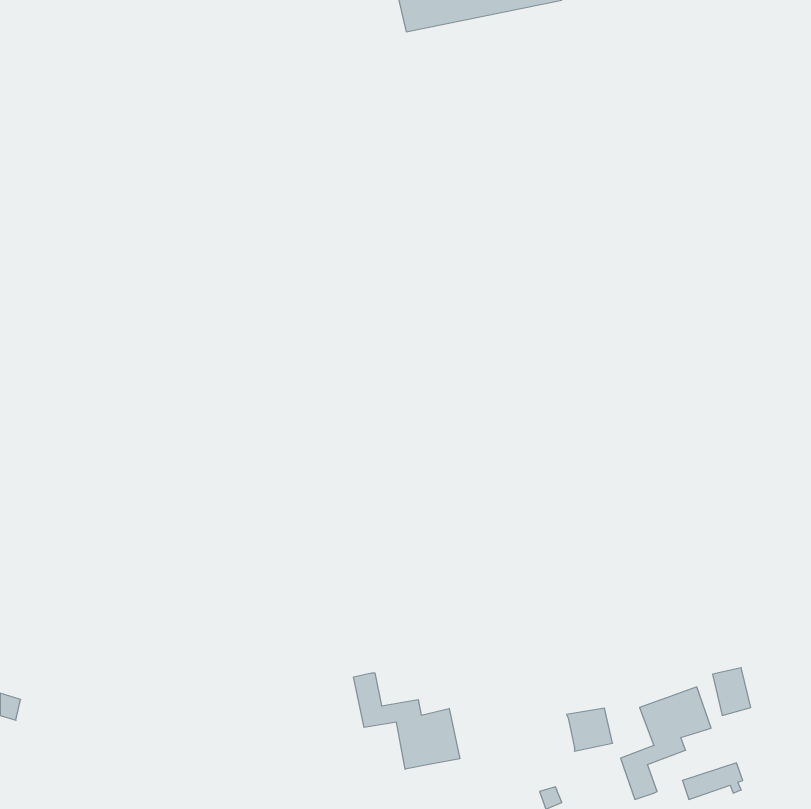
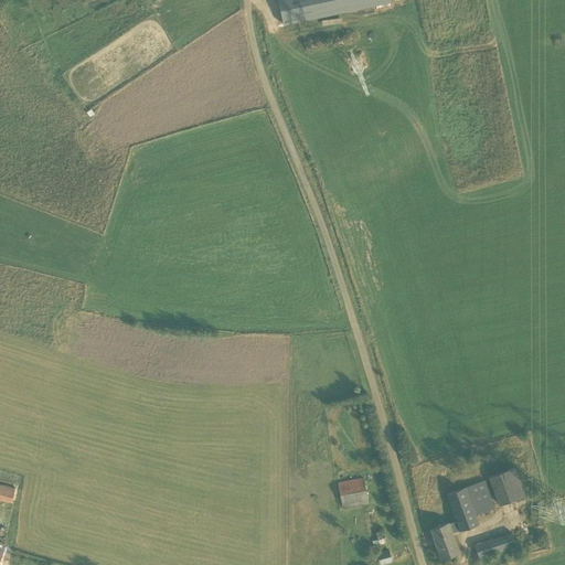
building: [354,673,460,769] -> none
building: [567,708,613,751] -> [337,477,369,507]

